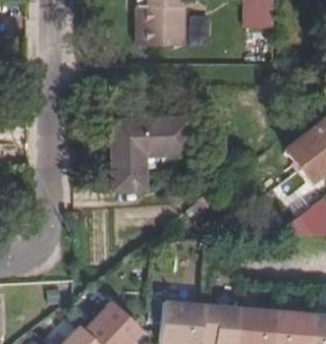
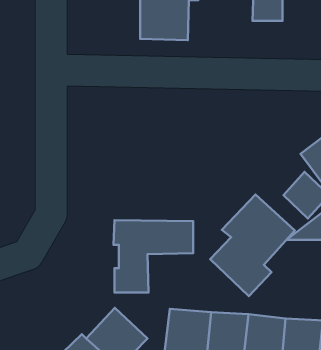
building: [114,121,191,190] -> [113,220,193,292]
building: none -> [210,195,295,296]

